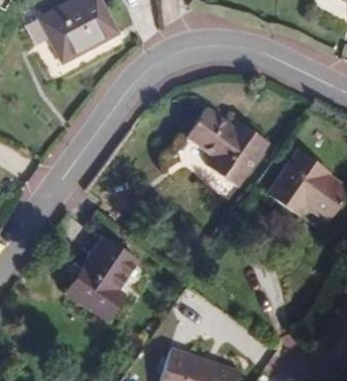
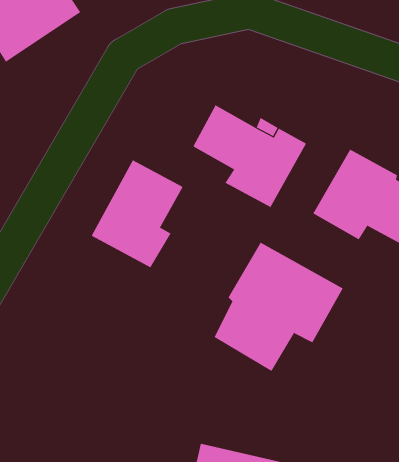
building: none -> [214,242,343,372]
building: [66,240,135,318] -> [91,159,184,268]

